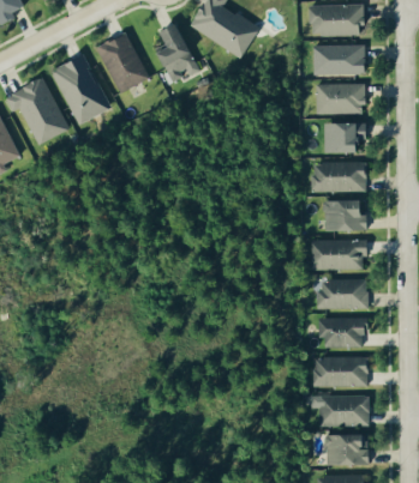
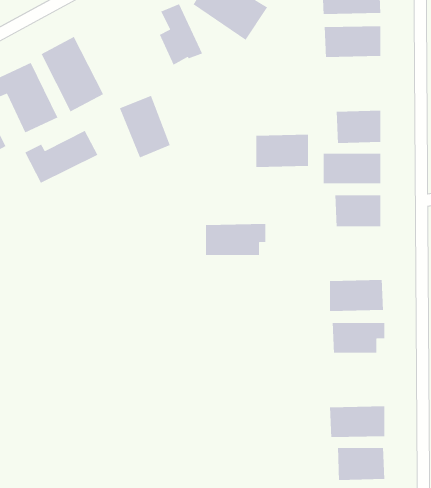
building: [98,35,146,93] -> [119,95,171,159]
building: [315,84,364,115] -> [255,134,309,168]
building: none -> [24,130,99,184]
building: [311,240,367,270] -> [205,223,266,256]
building: [313,357,367,386] -> none

